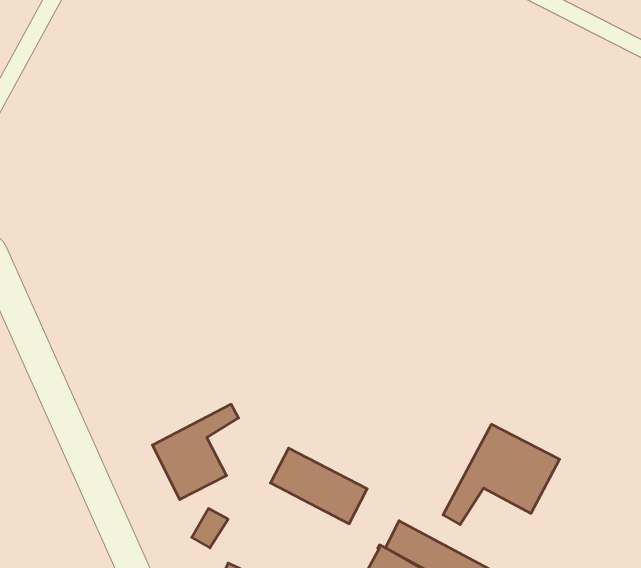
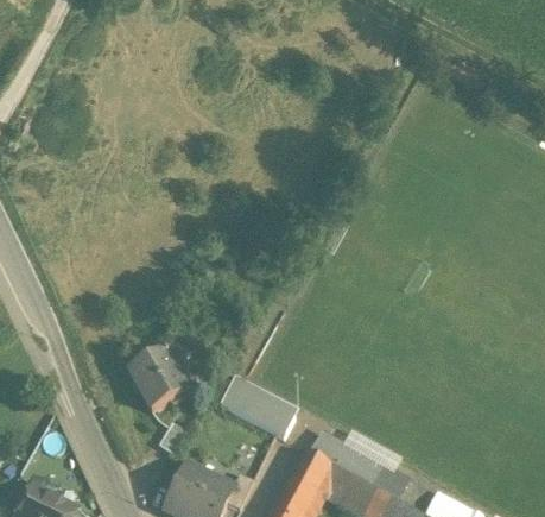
building: [443,424,560,525] -> none

